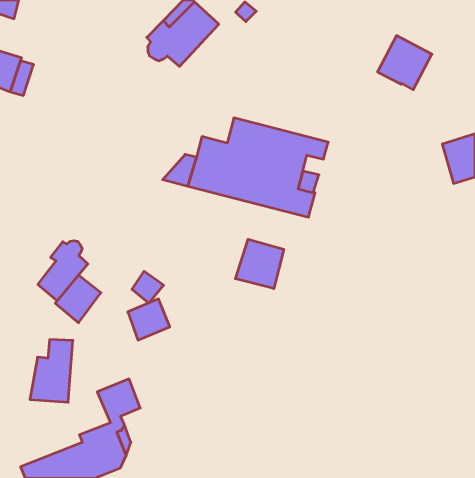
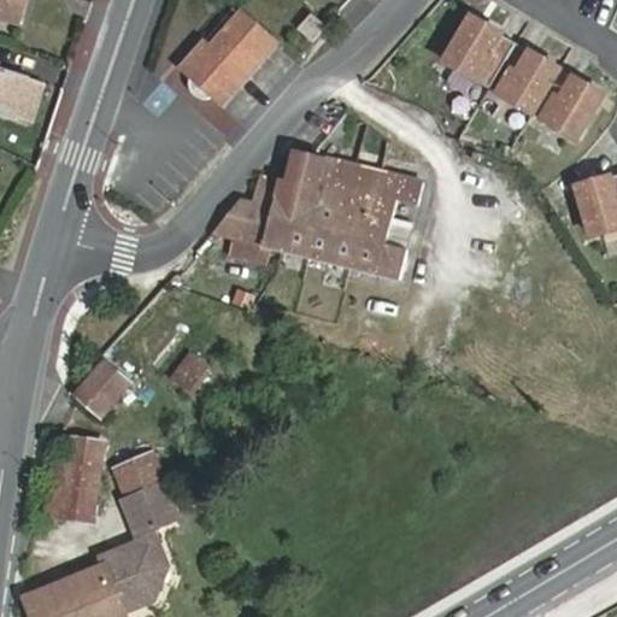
building: none -> [441,22,511,92]
building: none -> [533,70,601,140]
building: [235,239,284,289] -> none
building: [38,241,88,301] -> none
building: [128,299,170,340] -> [112,452,166,505]

